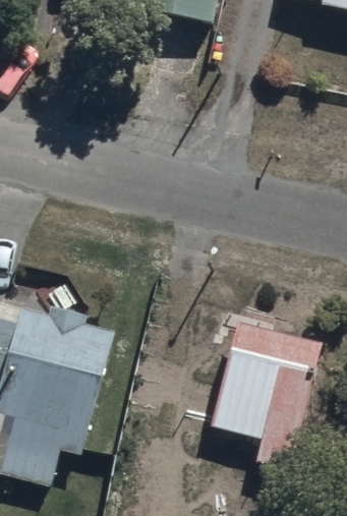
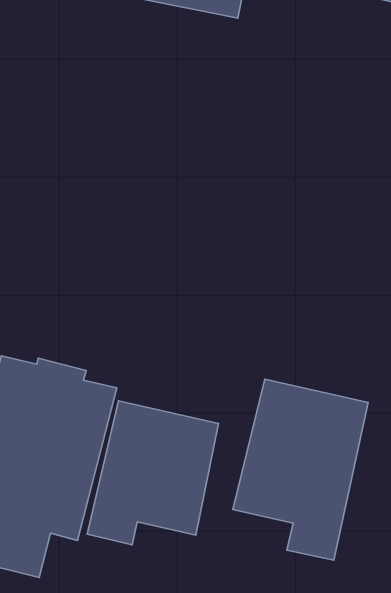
building: none -> [87,401,219,545]

